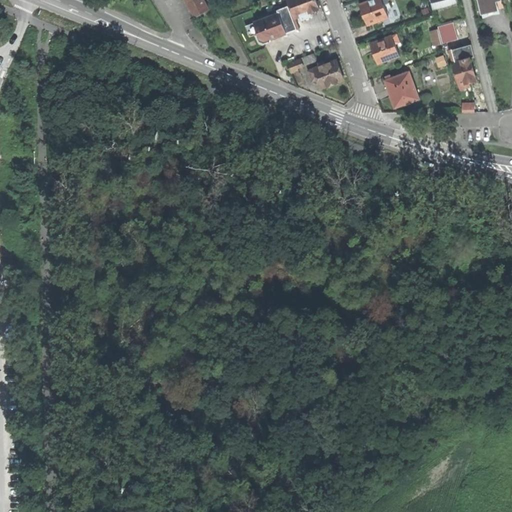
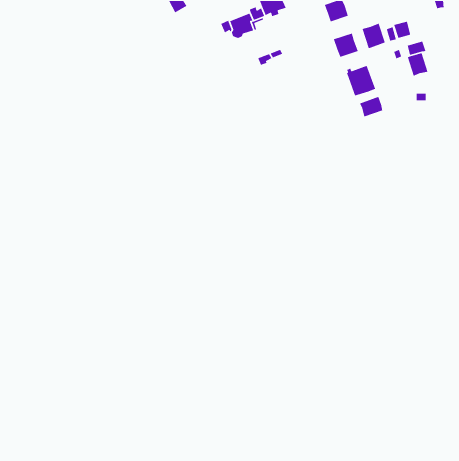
building: none -> [361,22,386,49]
building: [308,60,343,88] -> none
building: none -> [359,96,383,117]

